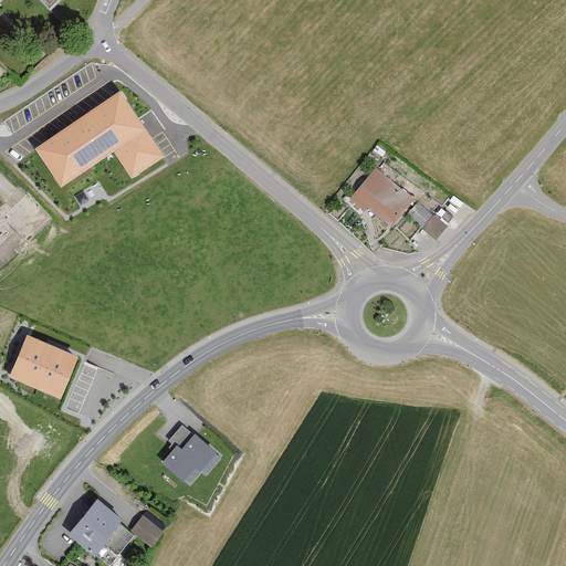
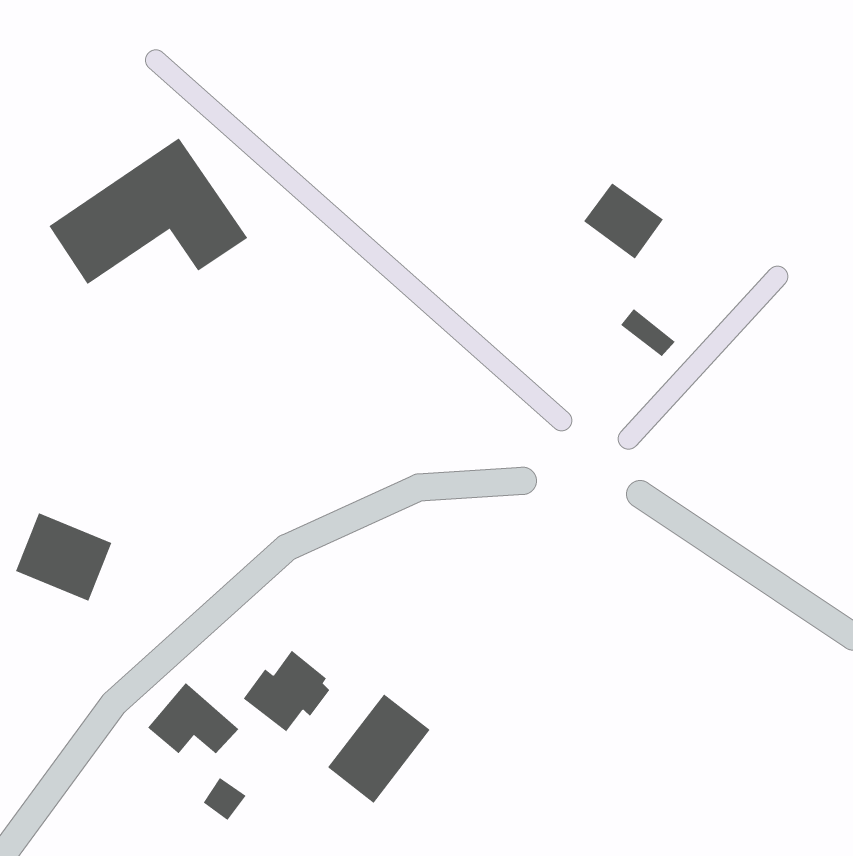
building: [356,172,409,223] -> [583,183,664,260]
building: none -> [327,693,430,804]
building: [71,504,132,552] -> [147,682,239,754]

